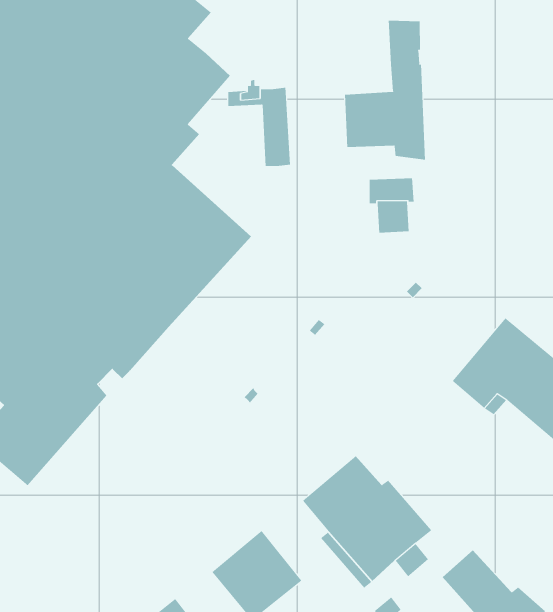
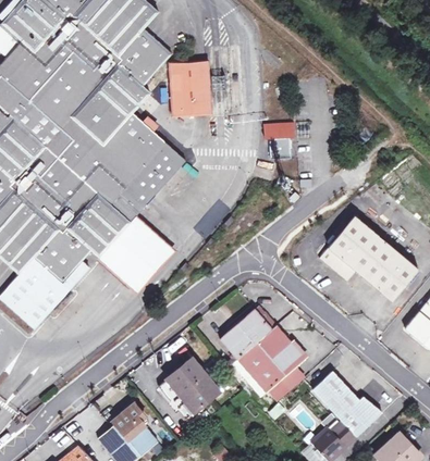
building: [344,20,425,160] -> none
building: none -> [169,73,194,115]
building: none -> [103,222,164,282]

